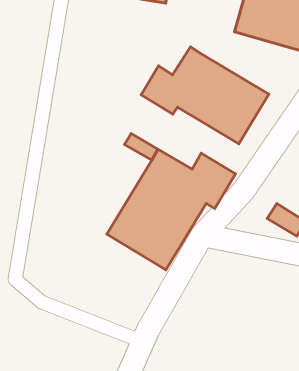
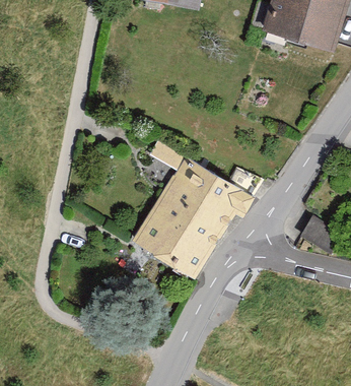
building: [141,47,269,144] -> none

